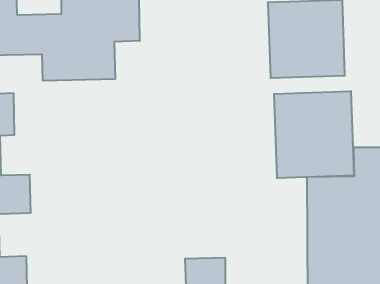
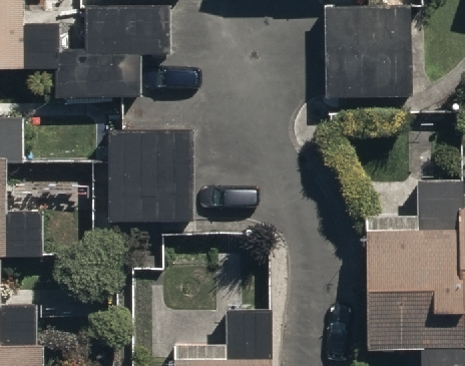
building: [274,91,354,178] -> none
building: none -> [108,126,194,222]

